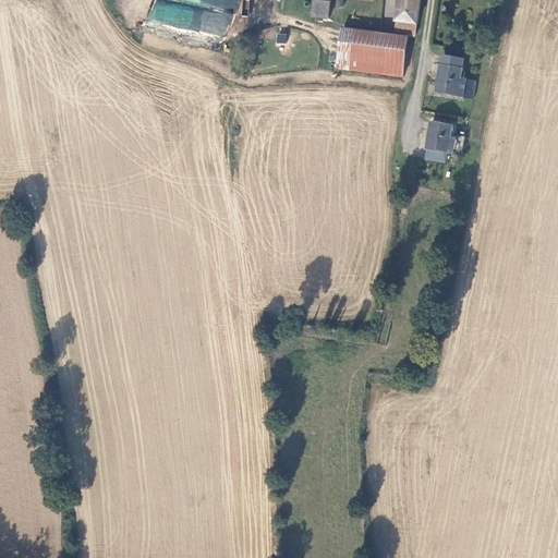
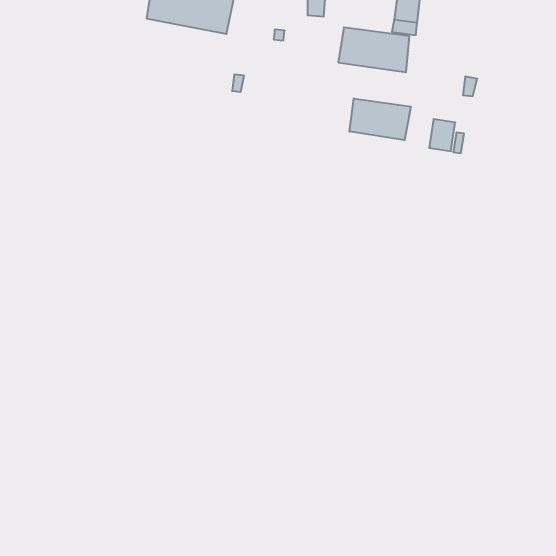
building: [433,53,462,93] -> none
building: none -> [349,98,411,140]

